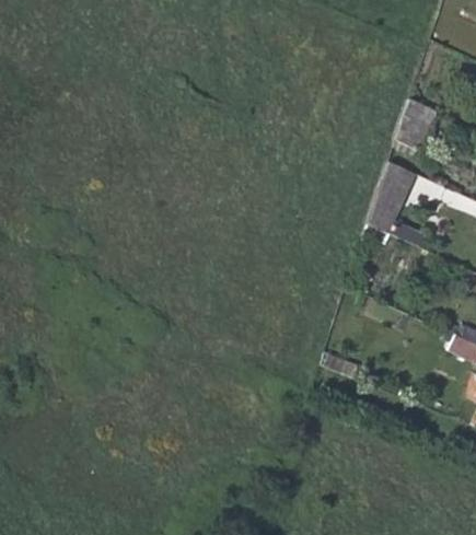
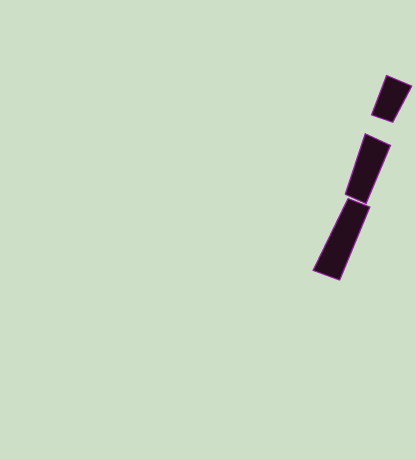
building: none -> [313,199,370,280]

